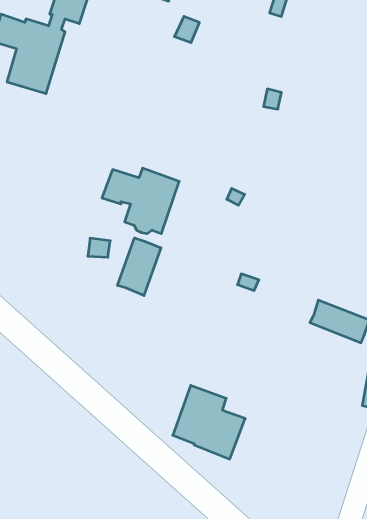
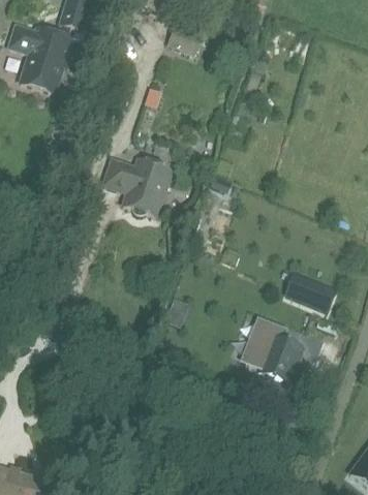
building: [118,238,161,296] -> none
building: [173,385,245,459] -> [240,318,303,382]

